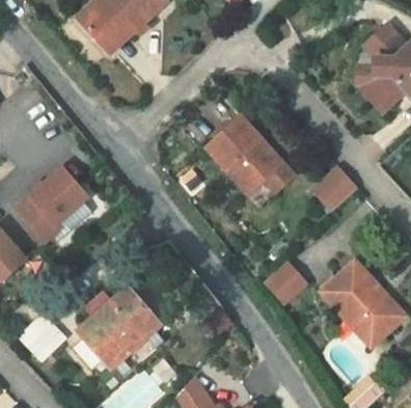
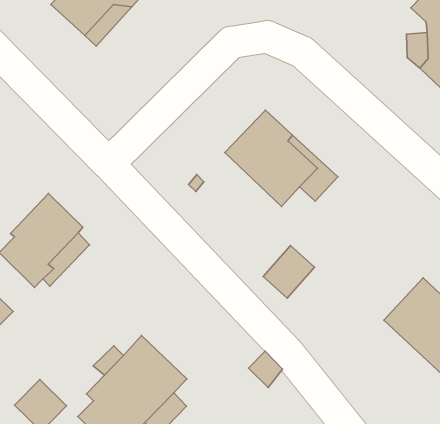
building: [313,167,356,210] -> none
building: [264,263,305,304] -> [263,246,314,298]

